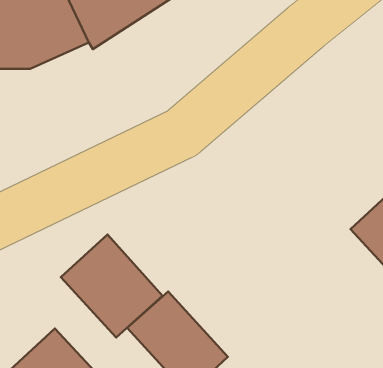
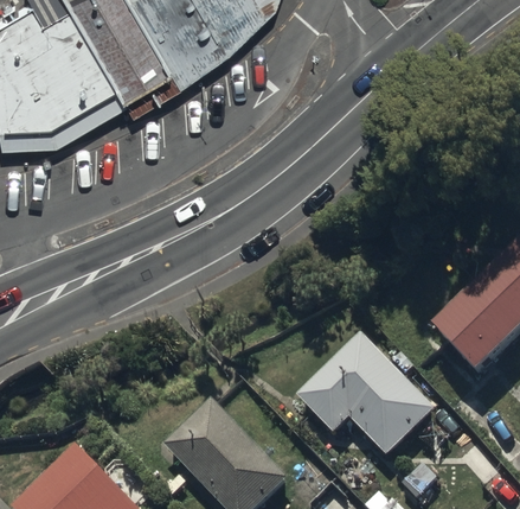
building: [61,235,163,338] -> none
building: none -> [296,333,435,457]

